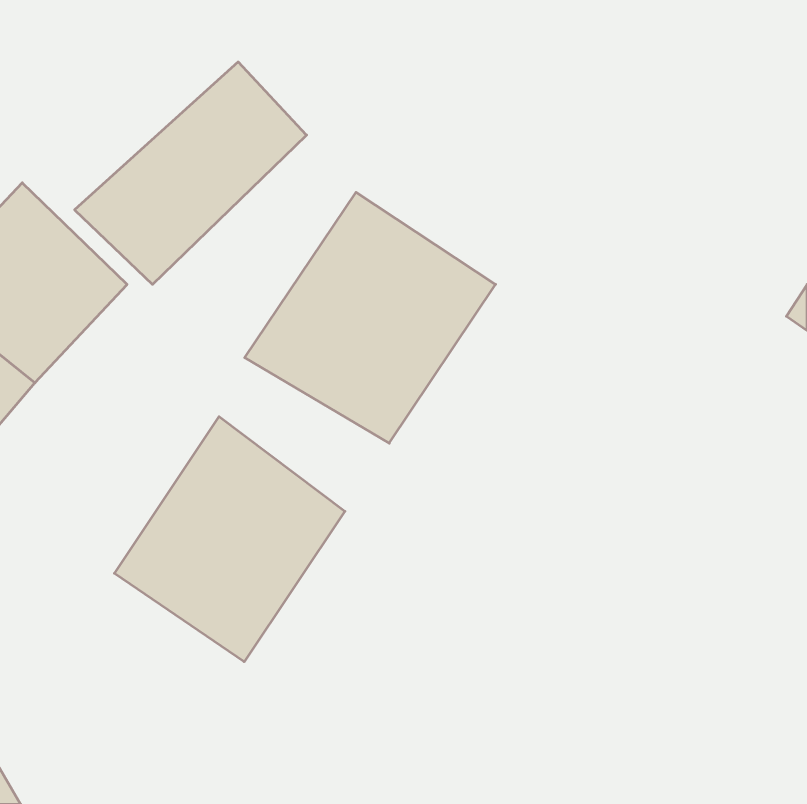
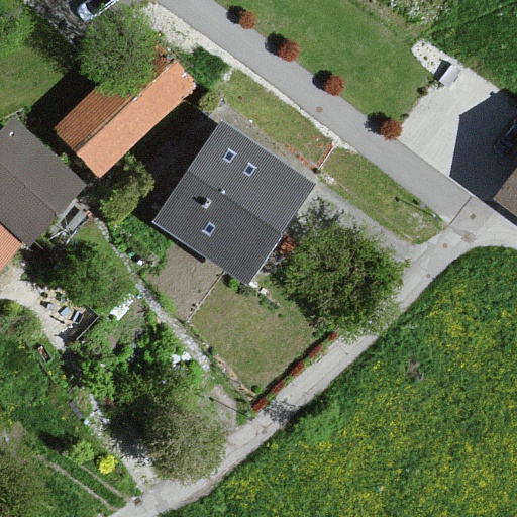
building: [114,417,345,662] -> none

